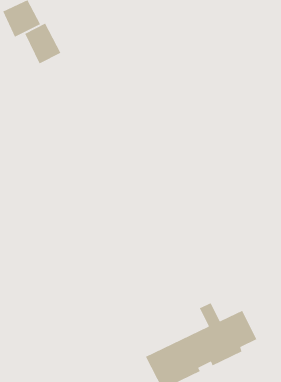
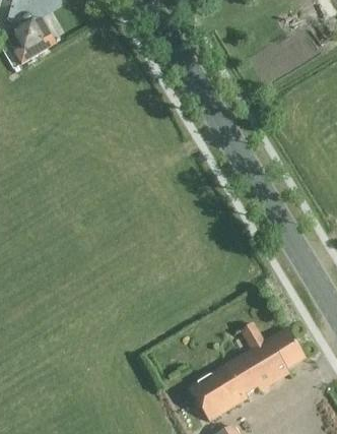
building: [24,23,62,64] -> none

